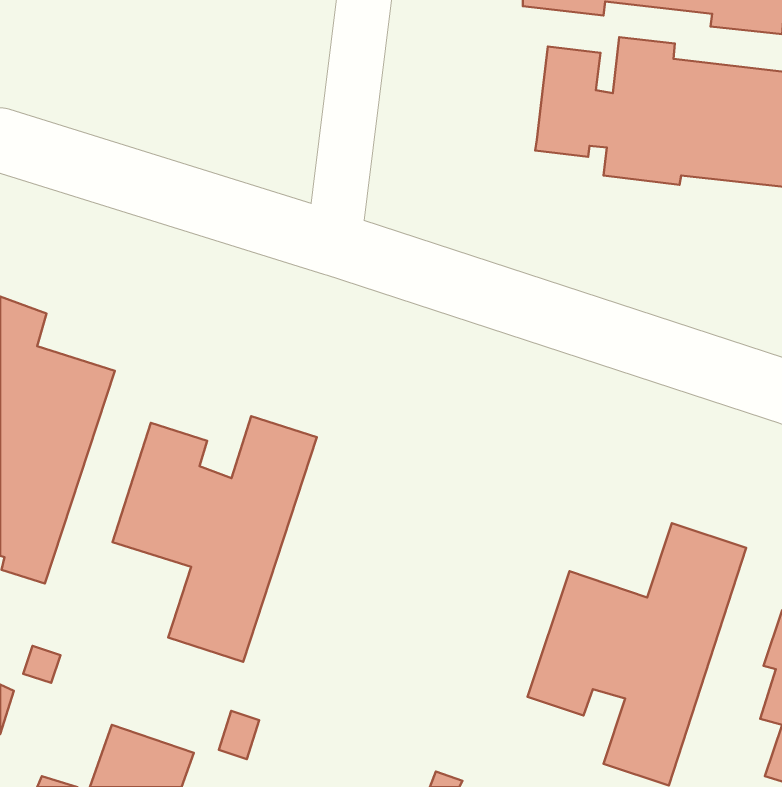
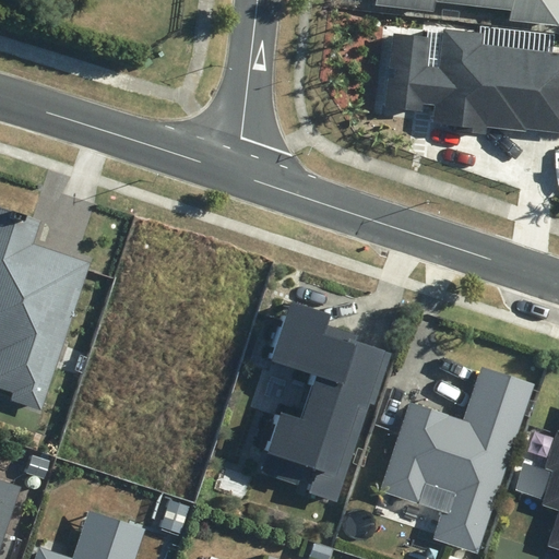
building: [113,416,317,662] -> none
building: none -> [258,302,390,500]

